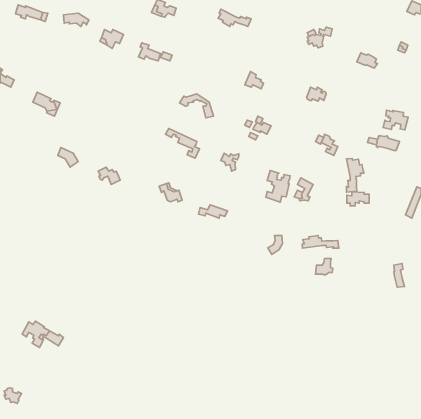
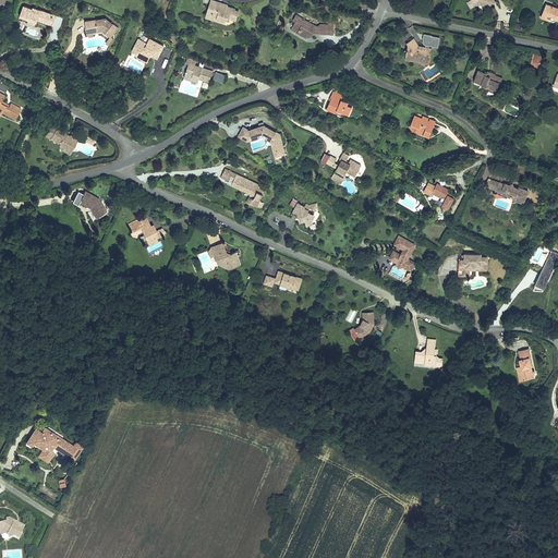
building: [383,110,408,130] -> none
building: [346,158,364,192] -> none
building: [266,170,290,202] -> none
building: [302,235,339,248] -> none

